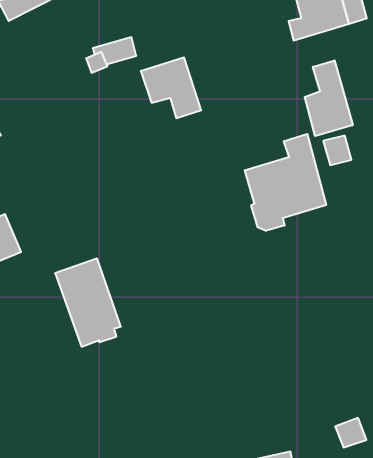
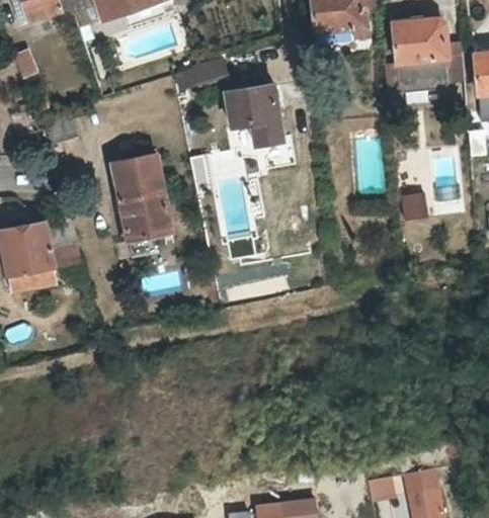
building: [305,60,353,136] -> none
building: [245,134,326,231] -> none
building: [55,259,121,347] -> [112,155,170,241]

